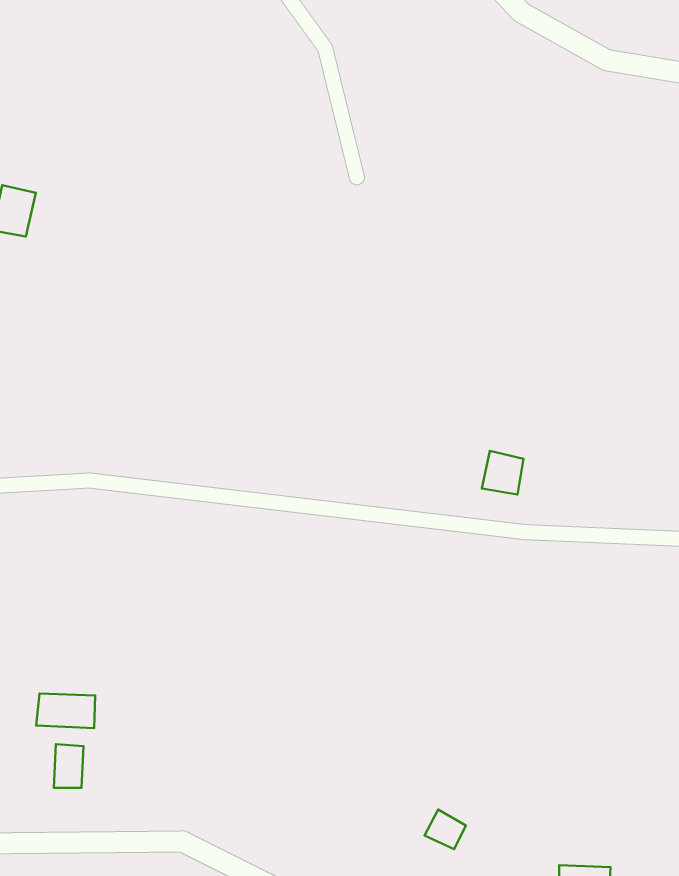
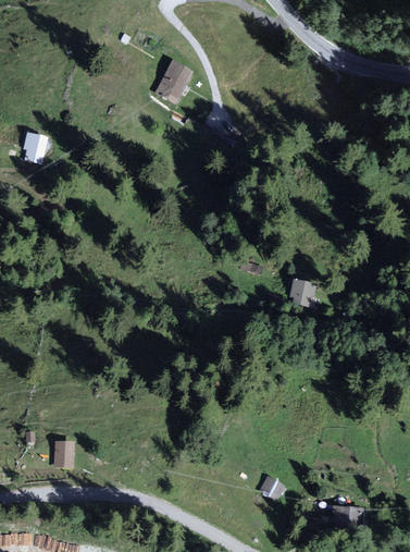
building: none -> [157,60,191,98]
building: [36,693,95,728] -> none

